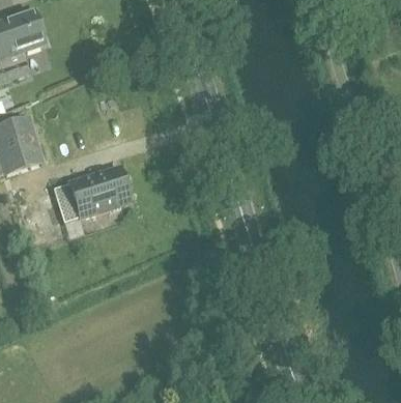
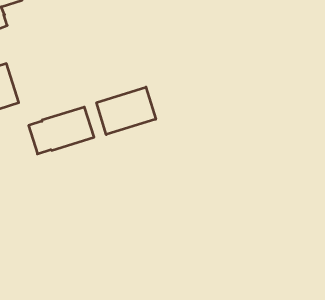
building: none -> [97,87,156,135]

